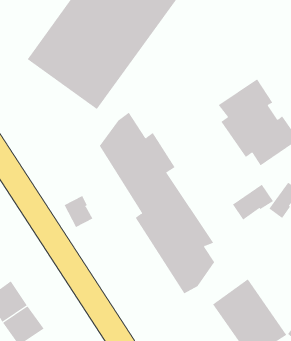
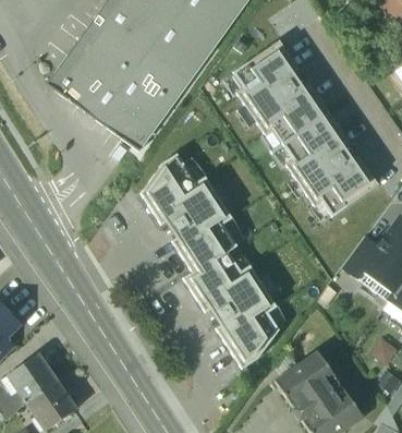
building: none -> [232,40,328,144]
building: [232,184,274,220] -> none
building: [64,195,93,228] -> none

